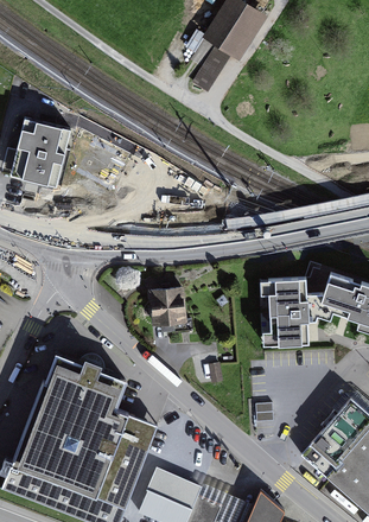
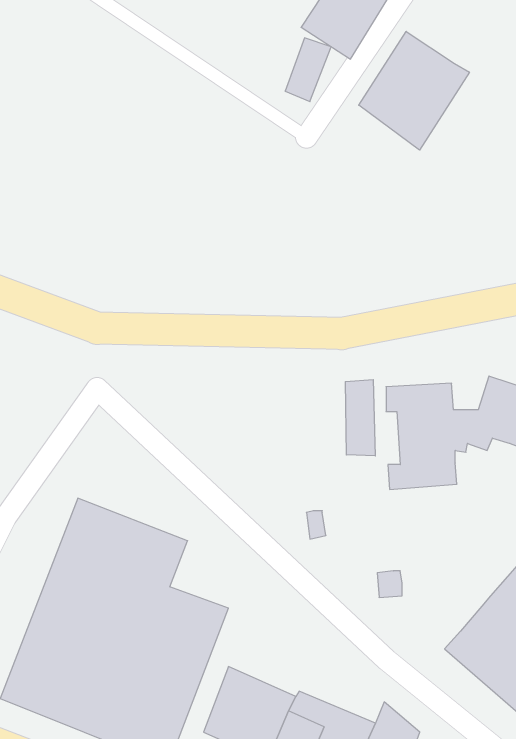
building: none -> [359,31,469,150]
building: [8,117,75,190] -> none
building: none -> [345,380,375,456]
building: [148,286,186,324] -> none

